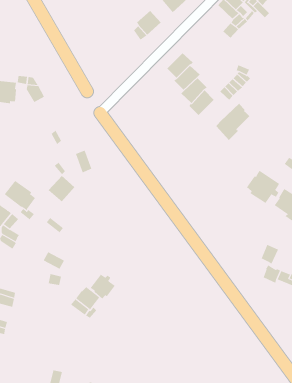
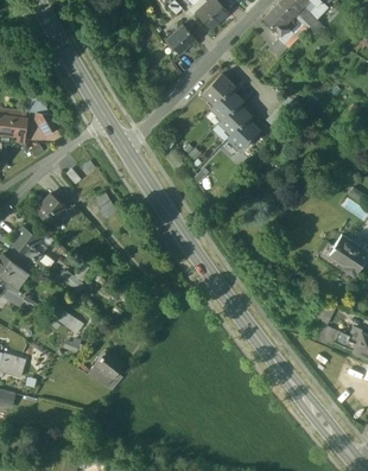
building: [215,103,250,141] -> none
building: [246,170,280,204] -> none
building: [48,175,75,202] -> [36,192,68,224]
building: [90,274,115,299] -> none

